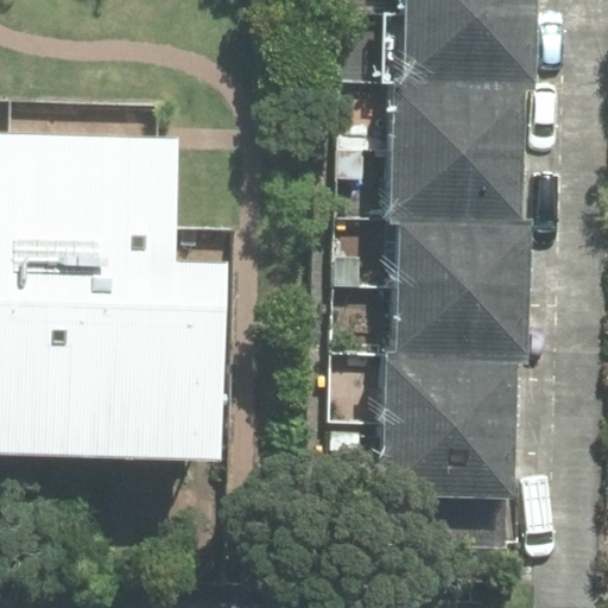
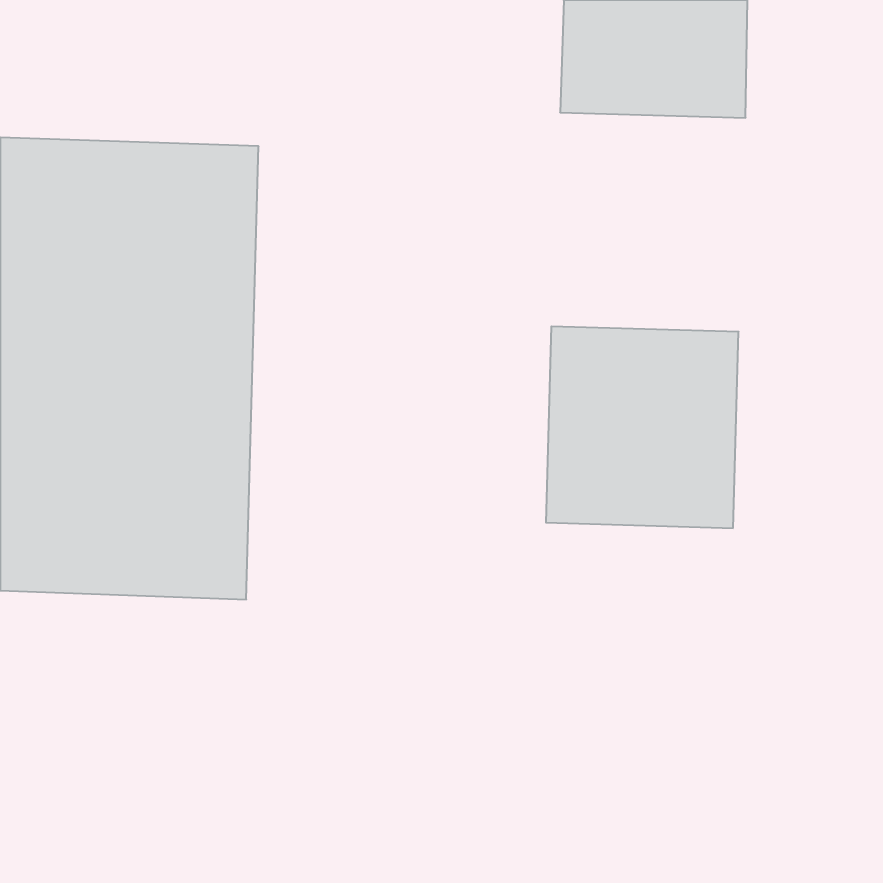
building: [378,94,515,235] -> none
building: [378,369,504,511] -> none

